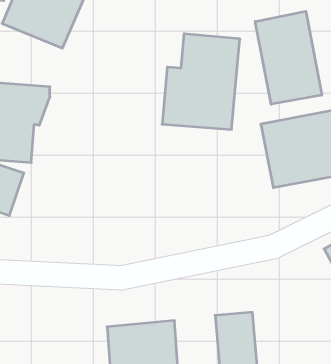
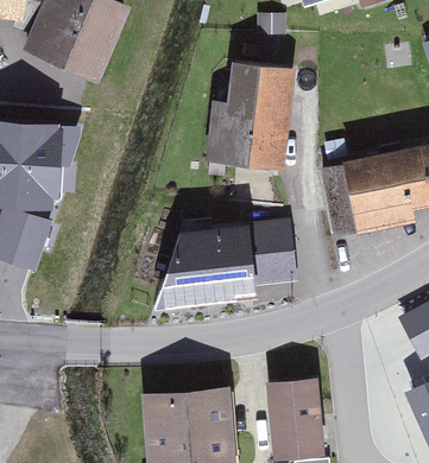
building: [255,11,322,104] -> none
building: none -> [153,208,296,293]

